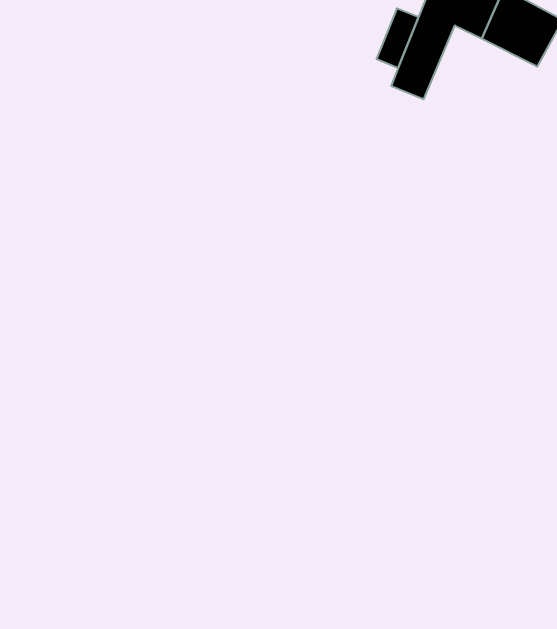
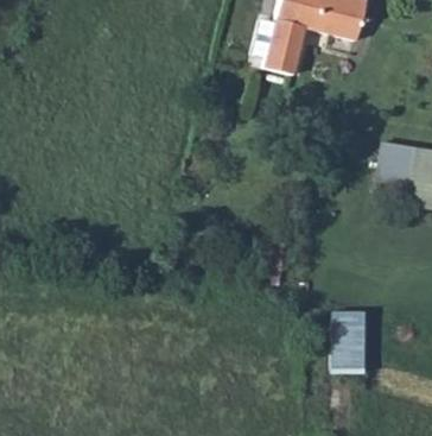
building: none -> [336,307,371,371]

